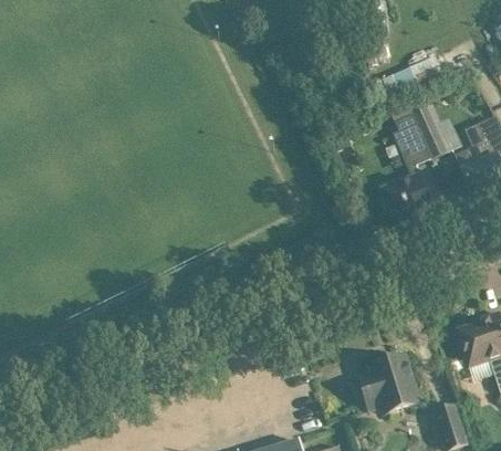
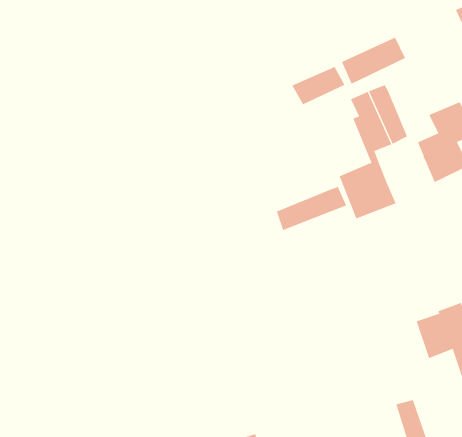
building: none -> [292,66,345,105]
building: none -> [276,186,347,231]
building: [358,356,418,413] -> none

